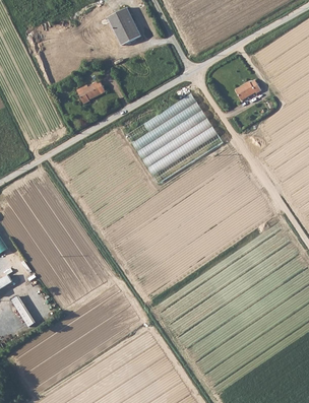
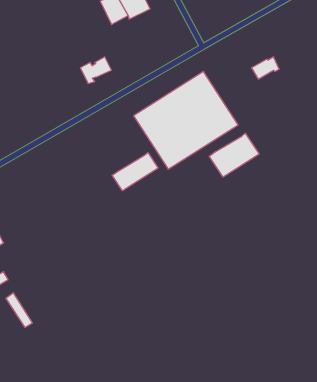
building: none -> [209,133,259,177]
building: none -> [112,153,158,191]

